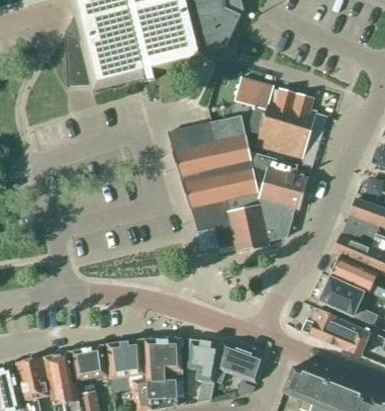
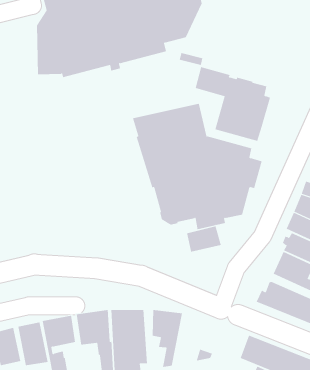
building: none -> [186,225,221,252]
building: [217,344,264,383] -> none

